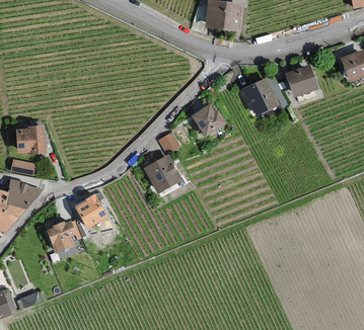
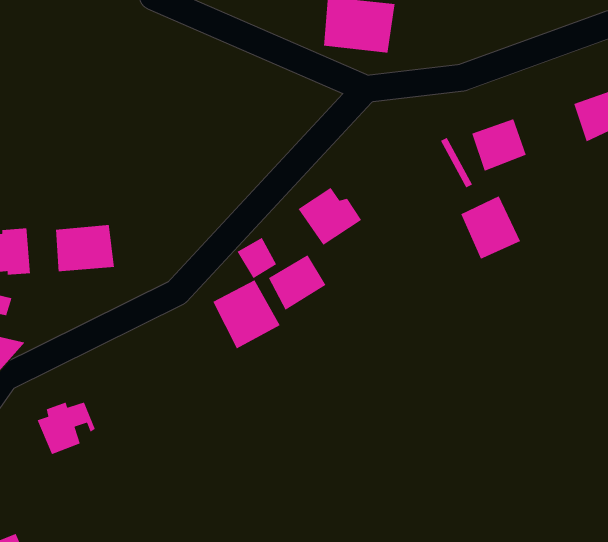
building: [244,78,278,113] -> [460,195,521,260]
building: none -> [55,224,115,272]
building: none -> [268,254,327,311]
building: [76,193,106,226] -> none

